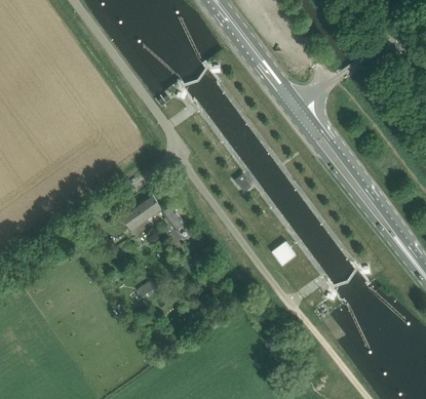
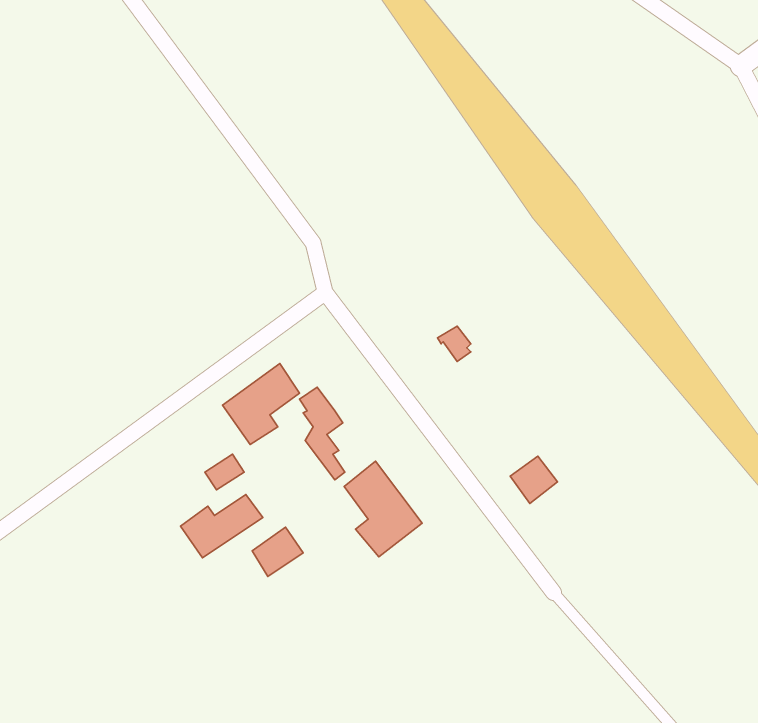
building: none -> [344,461,422,557]
building: none -> [180,495,263,558]

